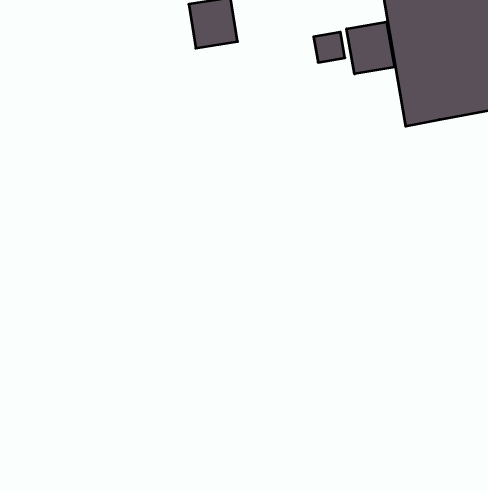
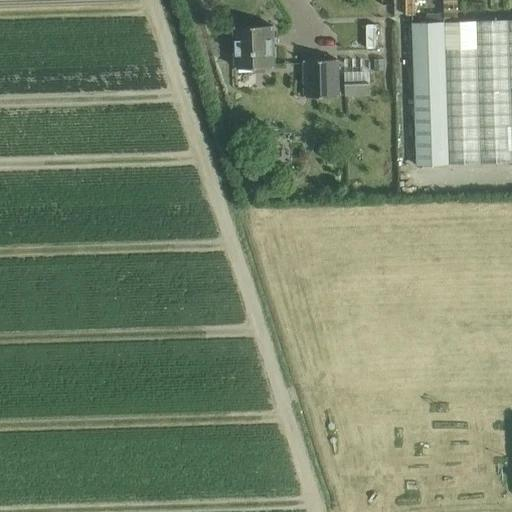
building: [347,22,394,74] -> none
building: none -> [305,61,339,97]

